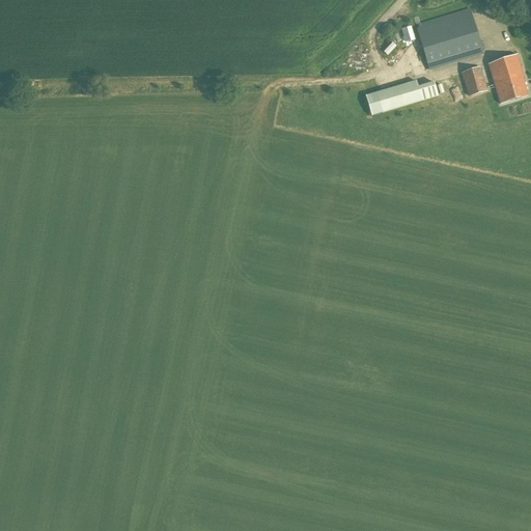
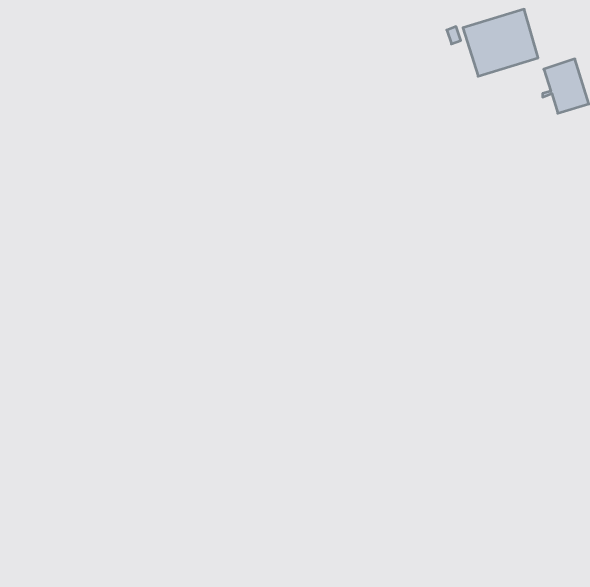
building: [462,64,487,94] -> none
building: [365,78,438,113] -> none

